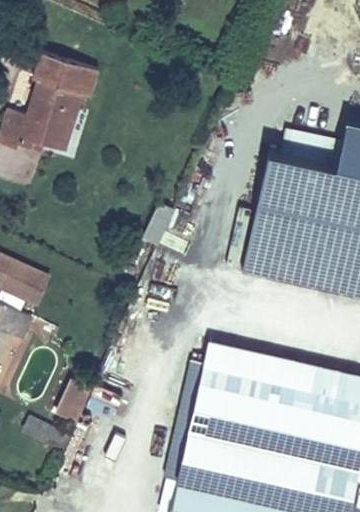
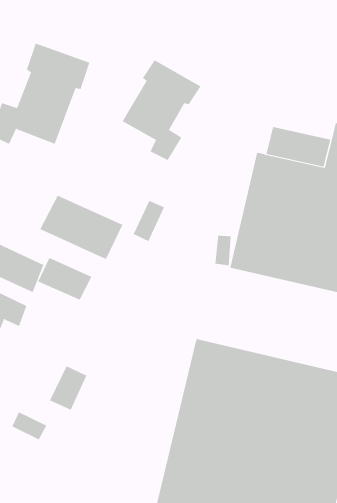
building: none -> [122,60,201,161]
building: none -> [40,195,123,260]
building: none -> [38,257,92,301]

